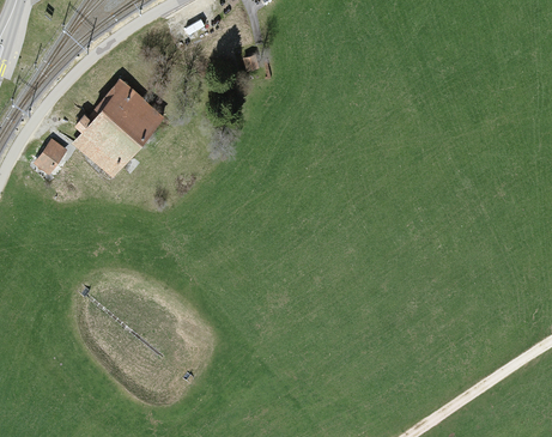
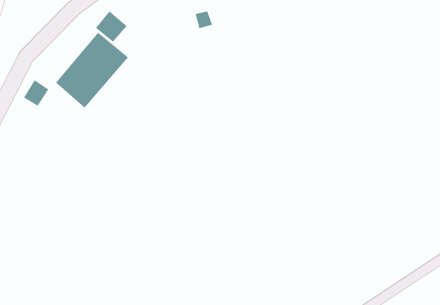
building: none -> [95,10,127,42]

